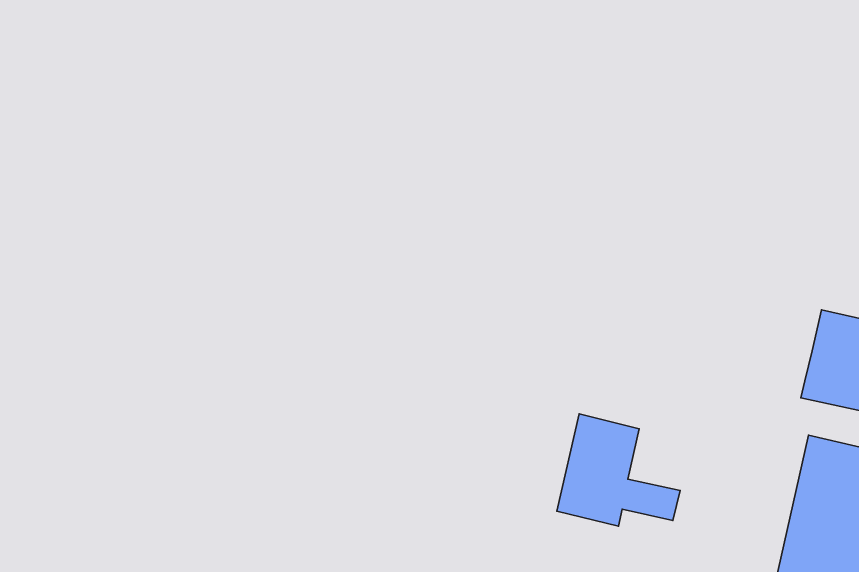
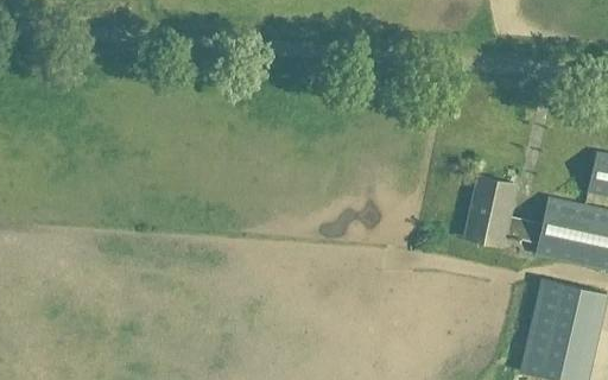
building: [557,414,680,526] -> [466,176,544,247]

